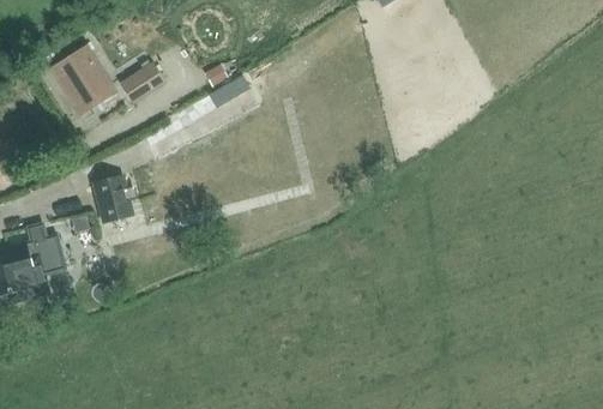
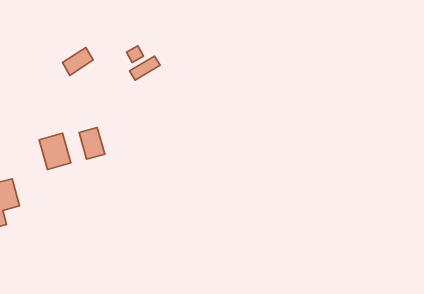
building: [52,48,111,112] -> none
building: none -> [79,127,105,159]

